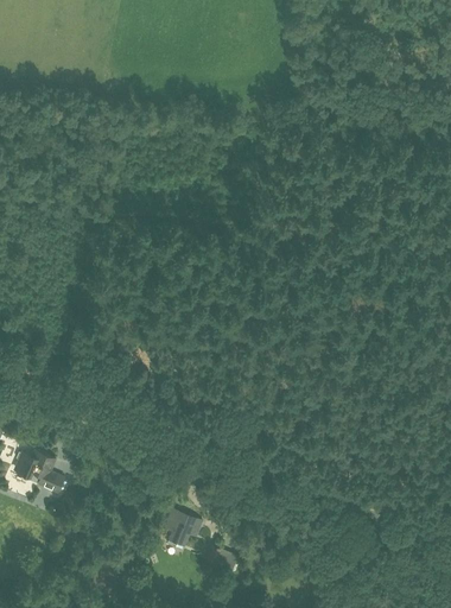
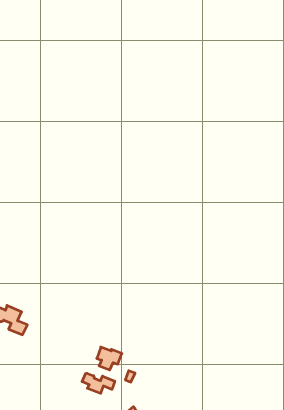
building: none -> [82,373,115,393]

